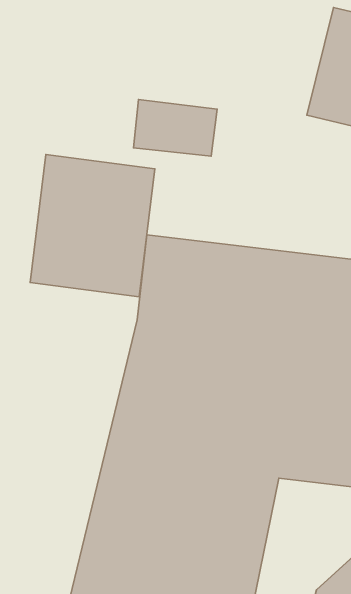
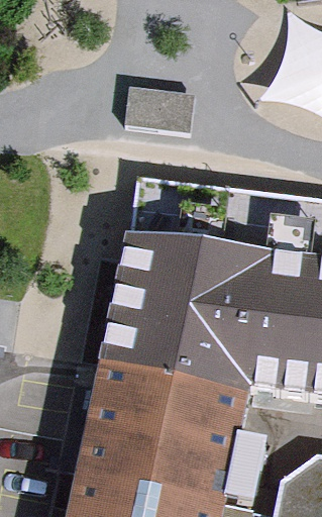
building: [30,154,155,297] -> none

